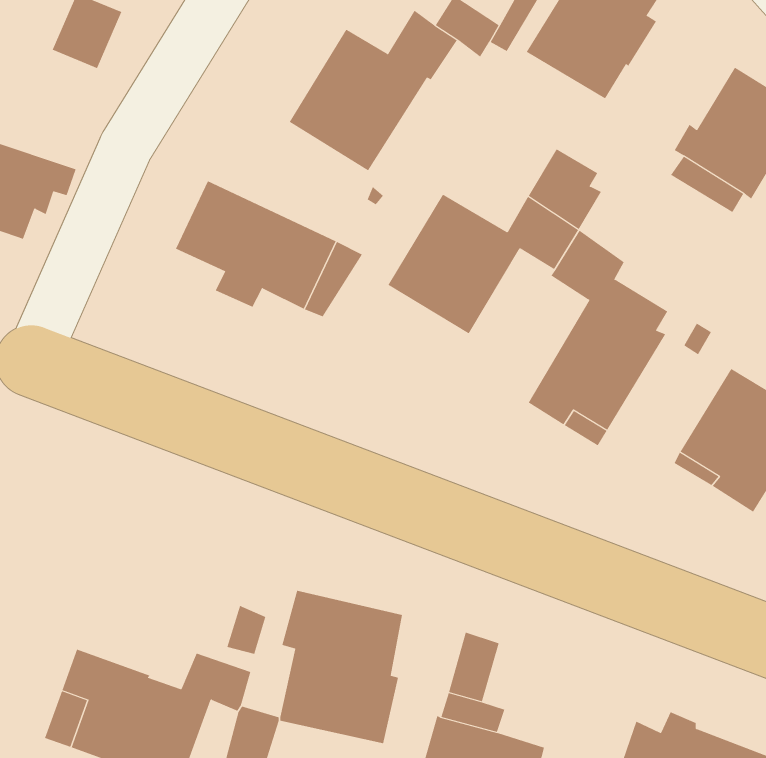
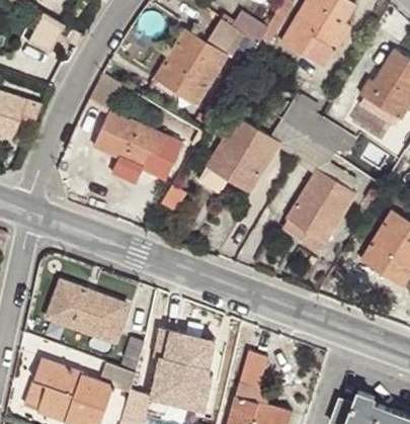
building: none -> [310,115,356,154]
building: none -> [49,282,126,339]

